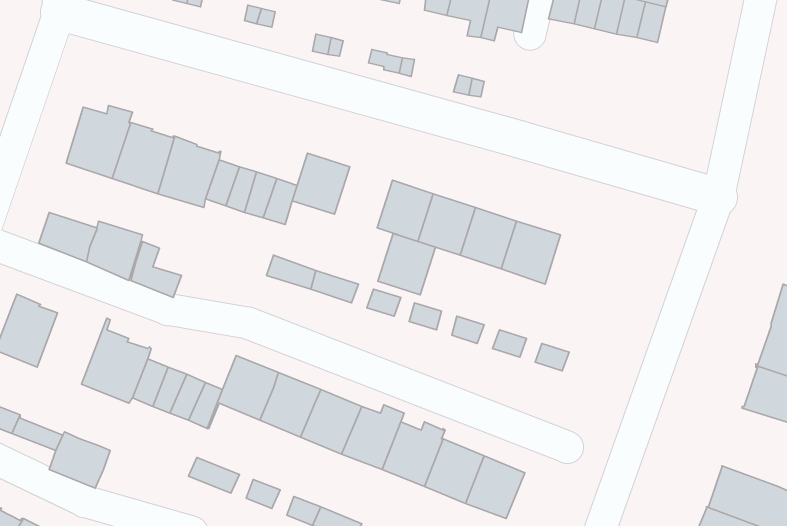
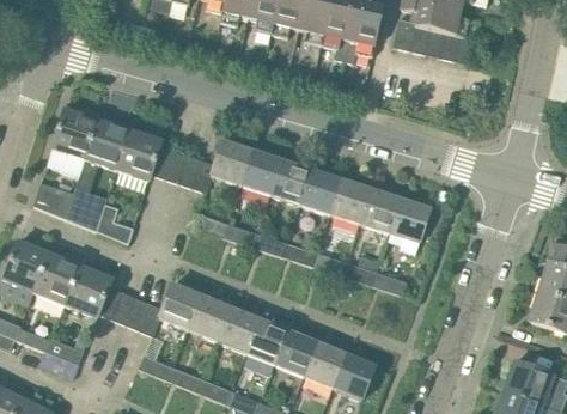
building: [378,234,436,295] -> [240,151,281,194]
building: none -> [389,199,429,254]
building: none -> [31,251,80,304]

